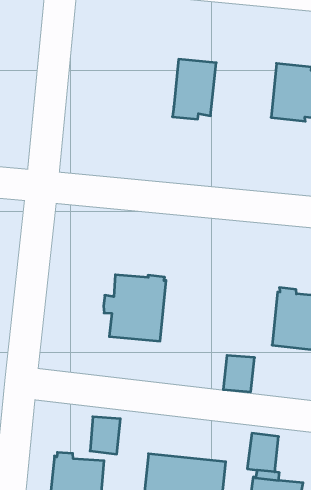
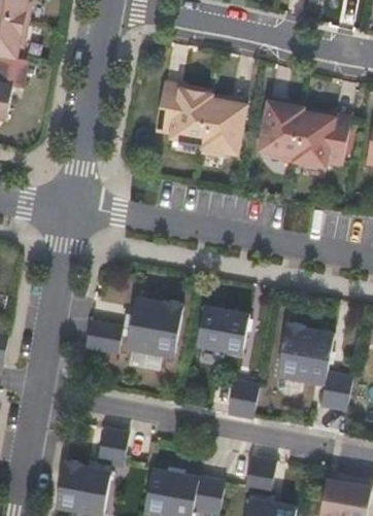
building: none -> [156,87,212,142]
building: none -> [260,100,304,161]
building: none -> [197,306,248,352]
building: none -> [84,318,122,351]

